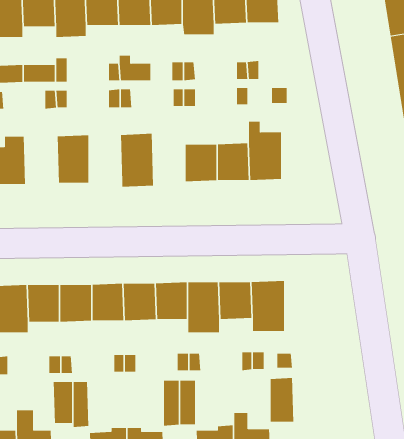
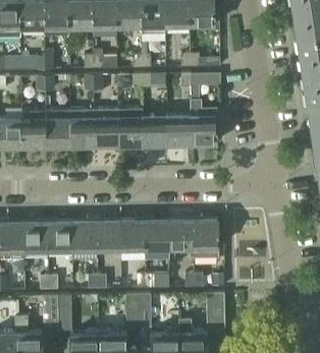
building: none -> [118,108,144,148]
building: none -> [70,109,95,145]
building: none -> [21,110,47,146]

